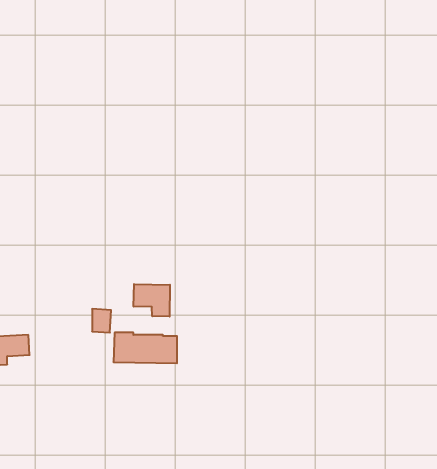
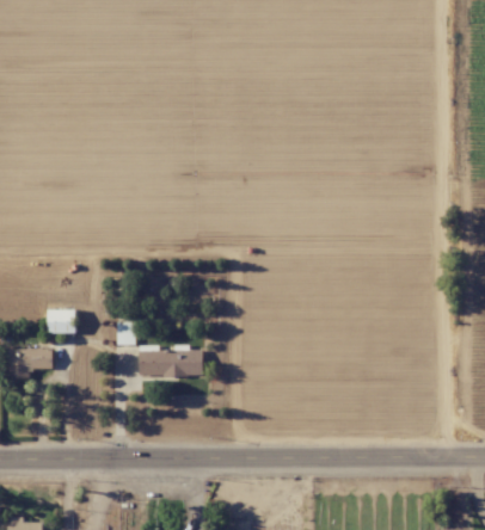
building: [134,284,170,317] -> none
building: none -> [48,310,75,333]

